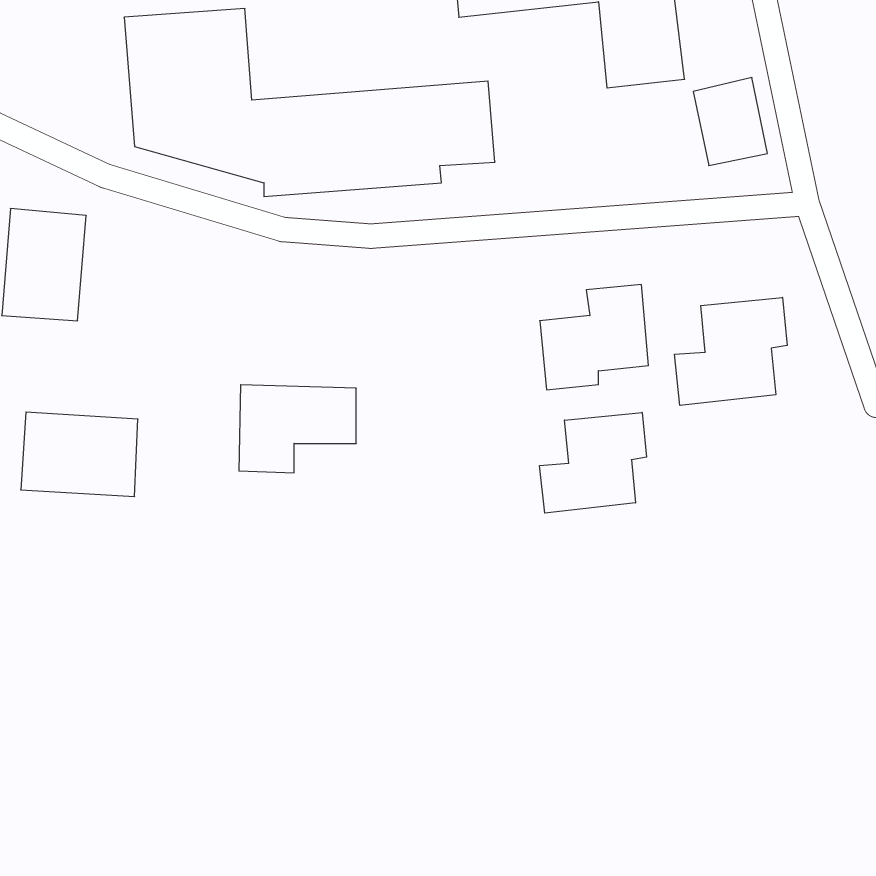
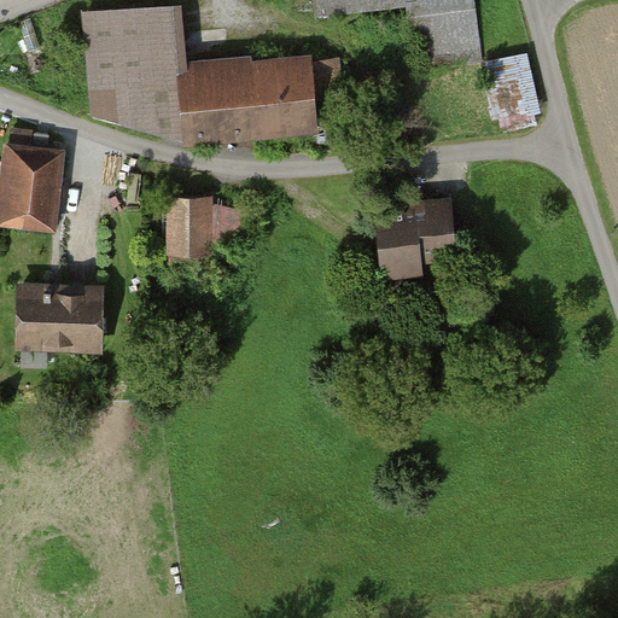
building: [674,297,787,405] -> none
building: [239,385,356,473] -> [165,198,247,260]
building: [540,412,647,513] -> none

